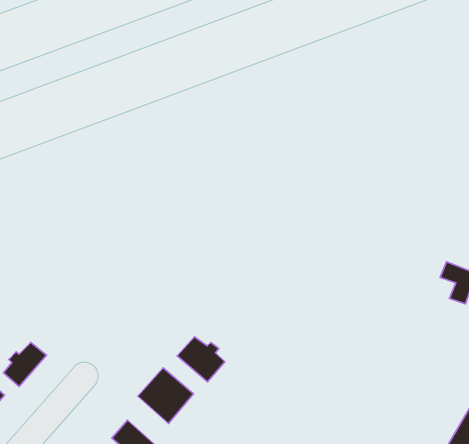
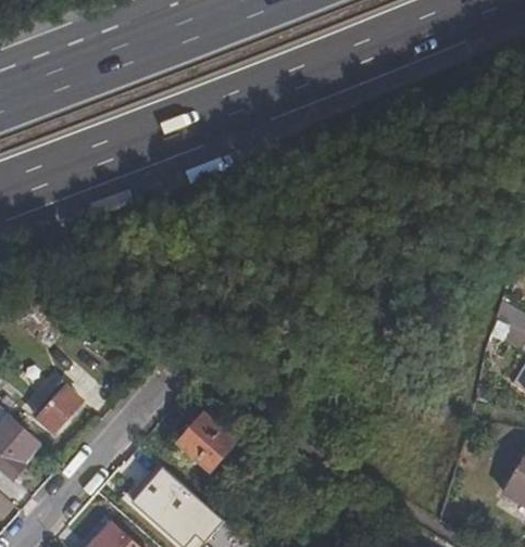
building: [177,337,225,382] -> none

